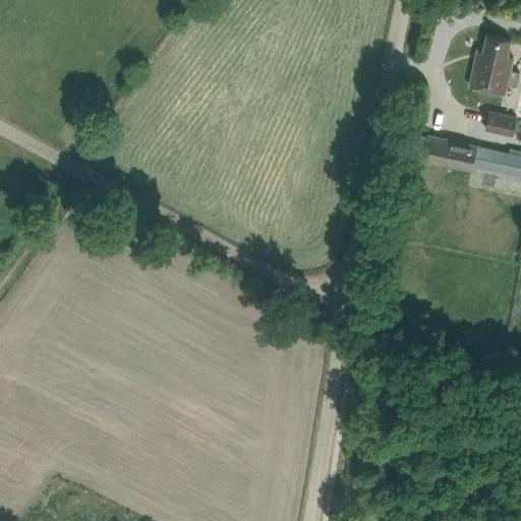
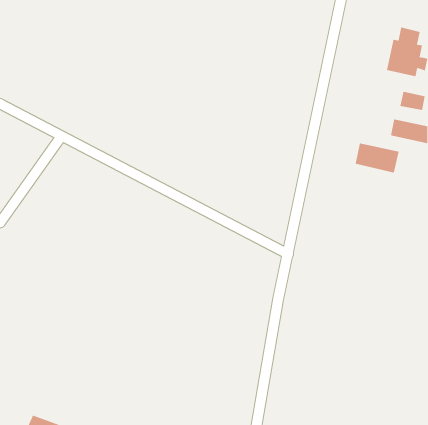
building: [423,136,477,173] -> [355,143,399,173]

